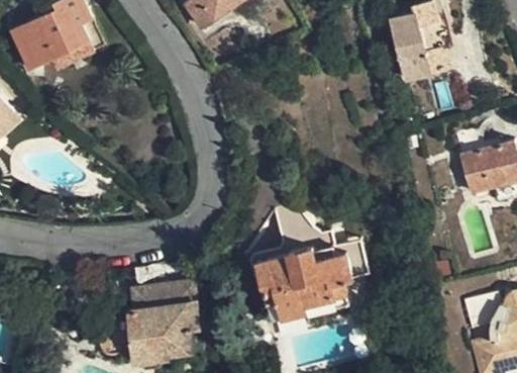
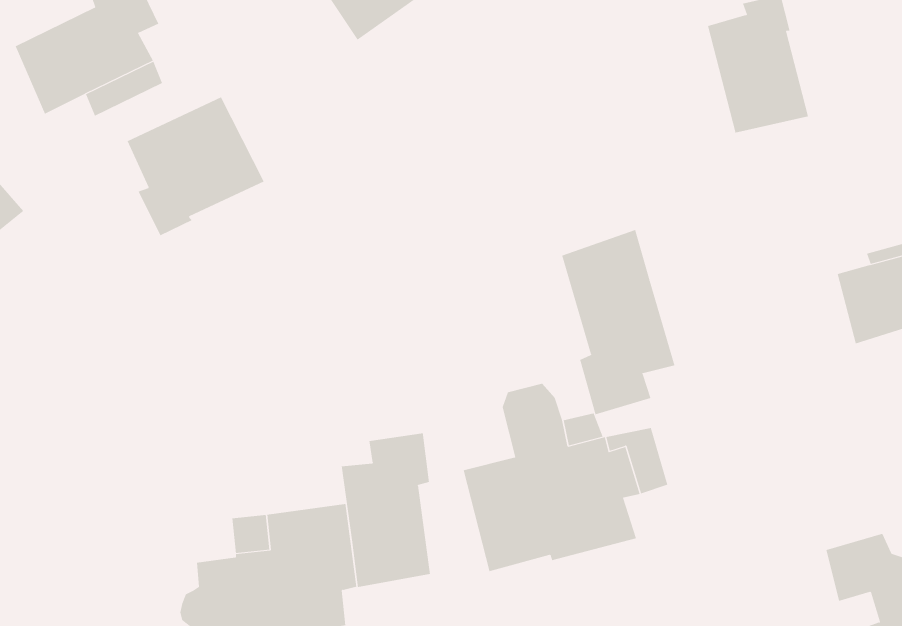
building: none -> [127,96,264,236]
building: none -> [562,229,675,415]
building: none -> [341,433,430,588]

